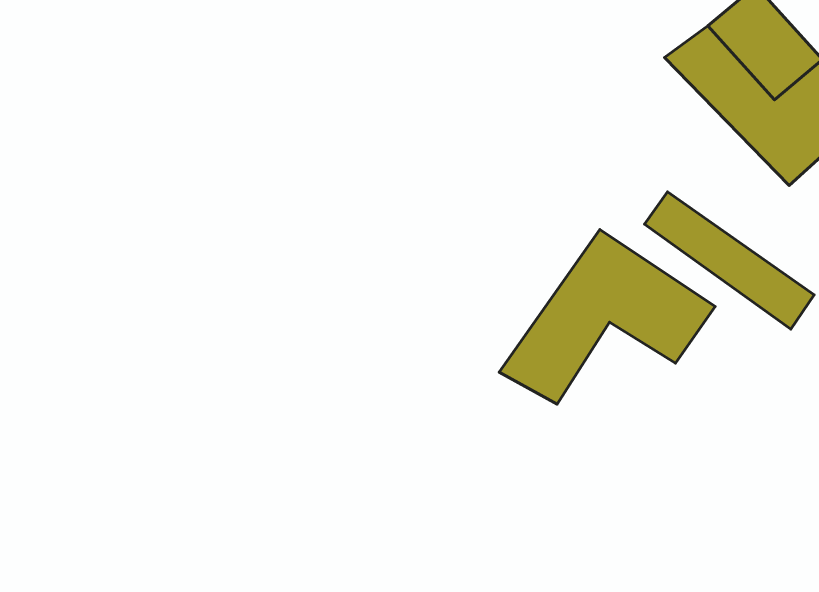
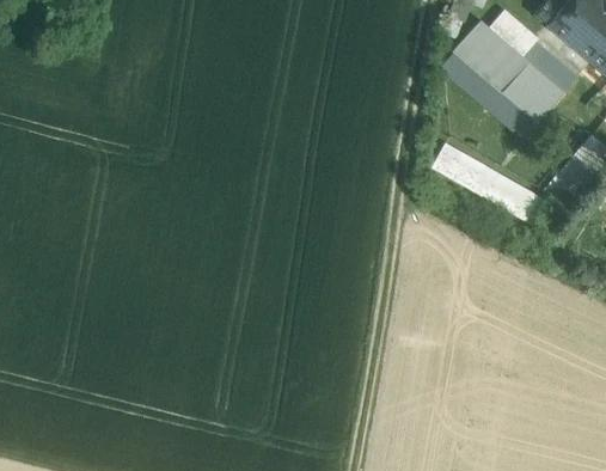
building: [499,230,715,404] -> none

